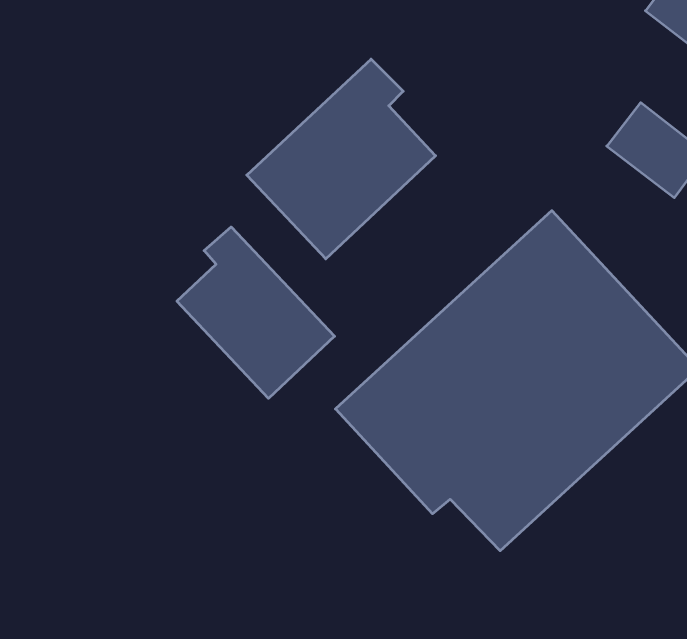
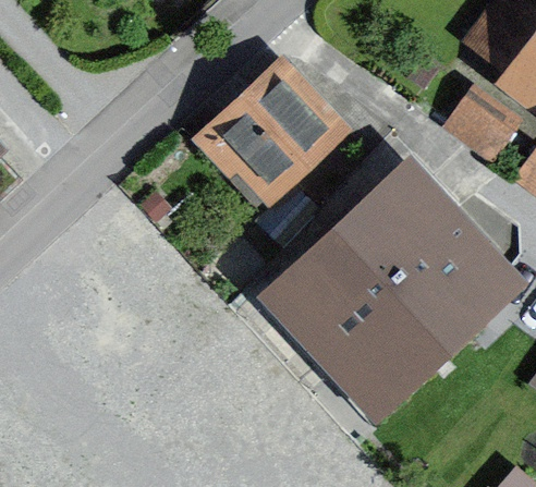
building: [177,227,335,398] -> none

